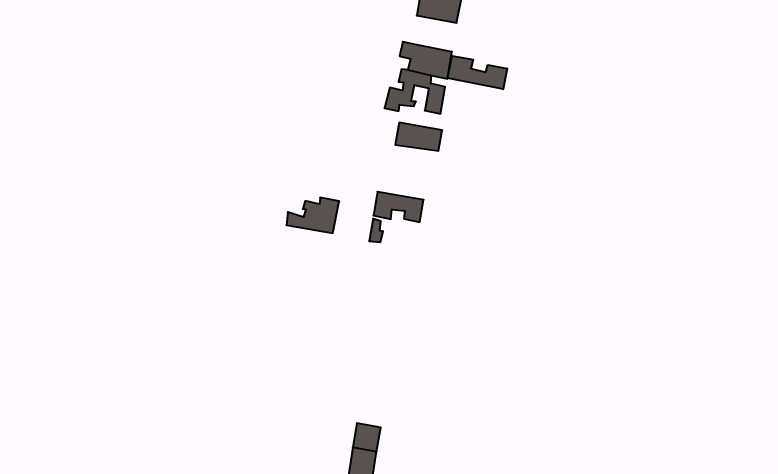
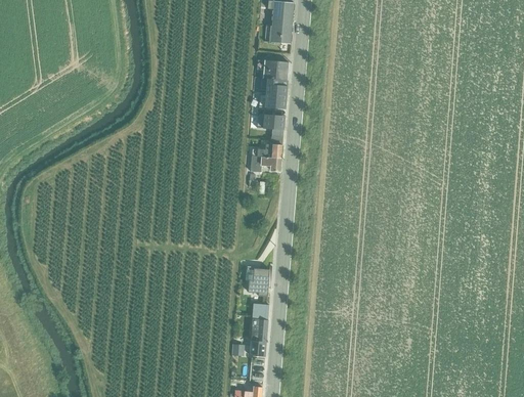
building: [448,56,507,89] -> none
building: [286,198,339,233] -> [251,136,282,158]
building: none -> [246,266,269,296]

